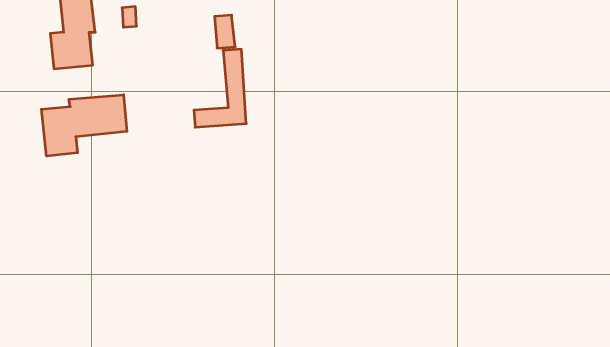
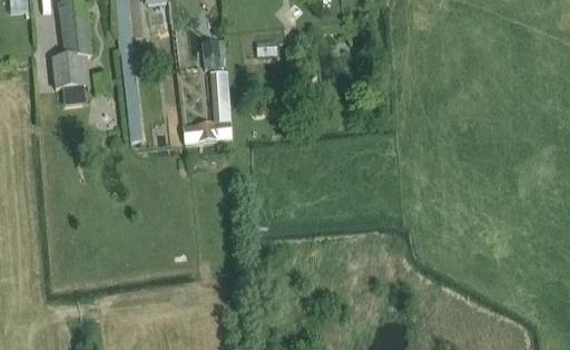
building: [41,95,127,156] -> none

